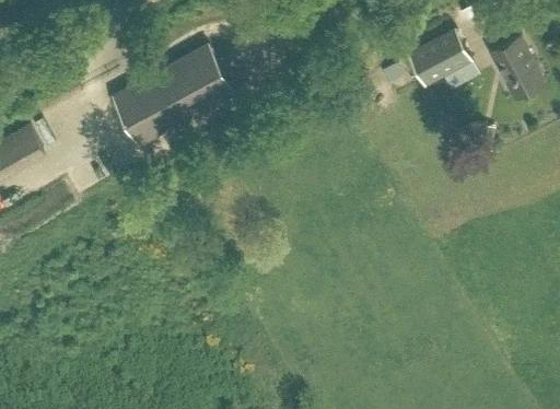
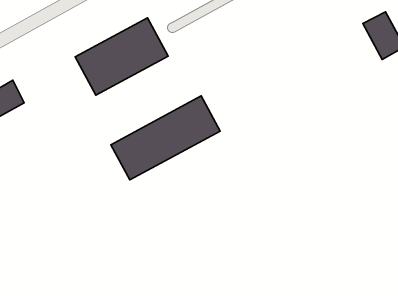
building: [412,32,470,85] -> none
building: none -> [111,96,220,180]

